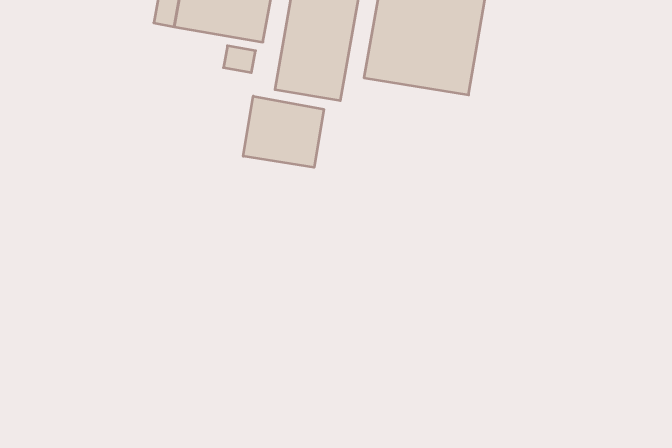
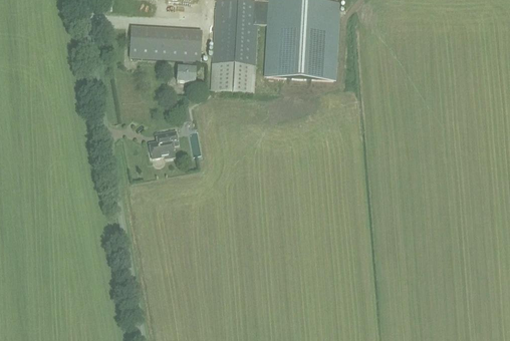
building: [243,96,324,167] -> none
building: none -> [150,128,178,156]

